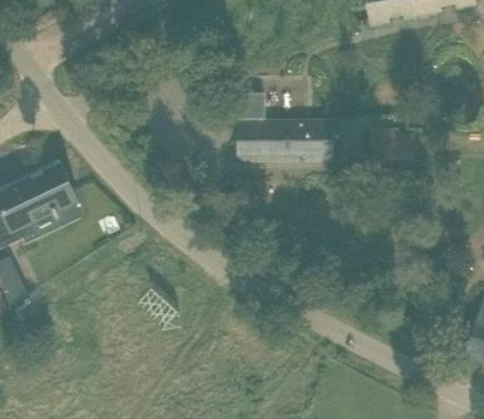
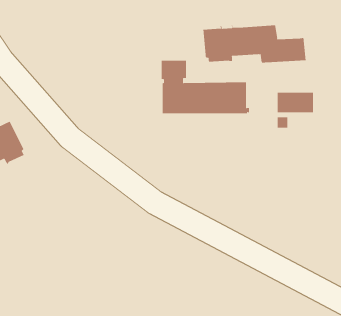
building: none -> [203,25,306,64]

